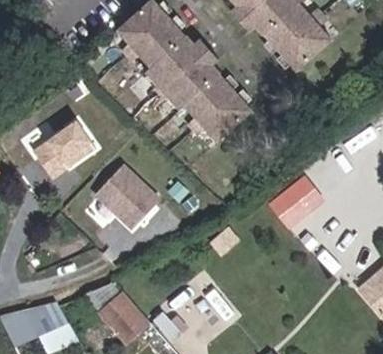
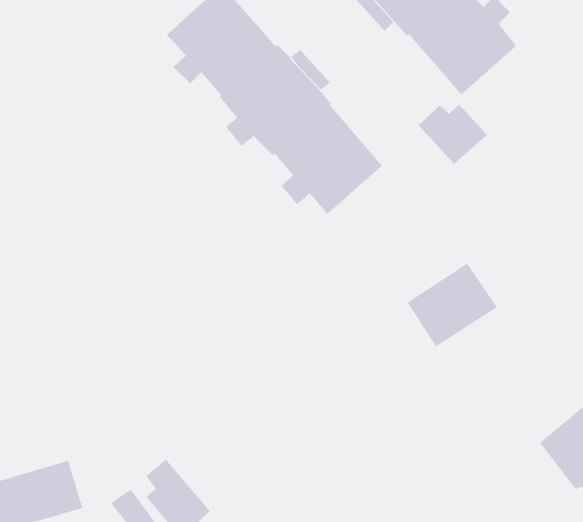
building: none -> [418,104,488,165]
building: [31,114,97,180] -> none
building: [95,168,158,230] -> none

